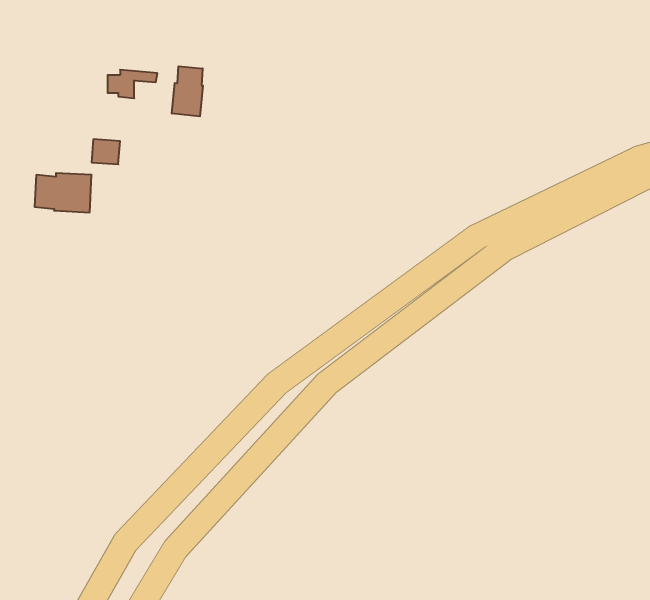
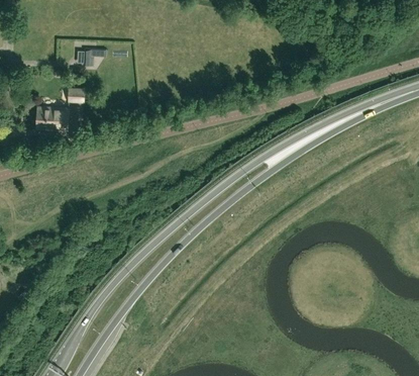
building: [172,66,203,116] -> none

